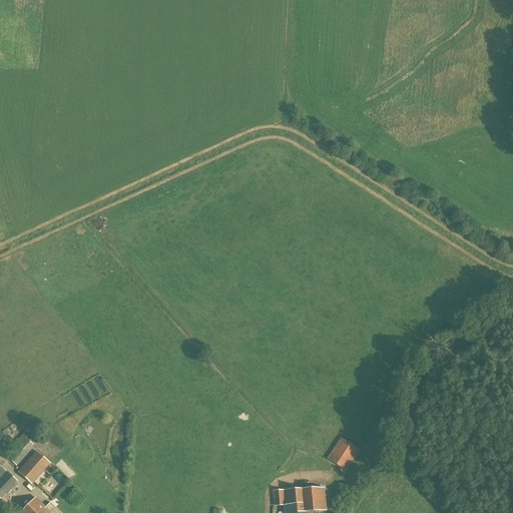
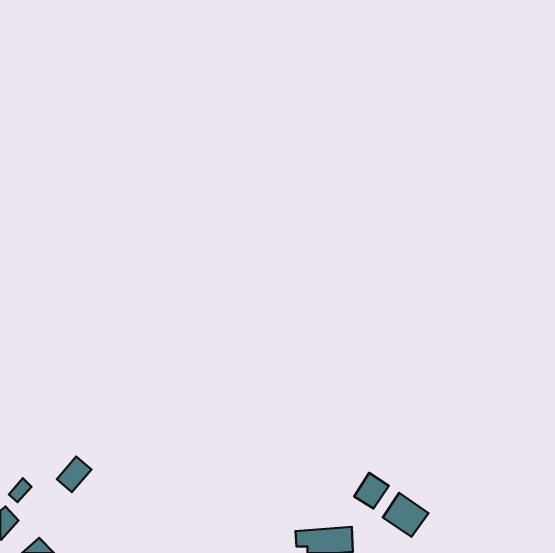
building: [18,451,50,484] -> [57,456,91,492]
building: none -> [383,493,429,537]

